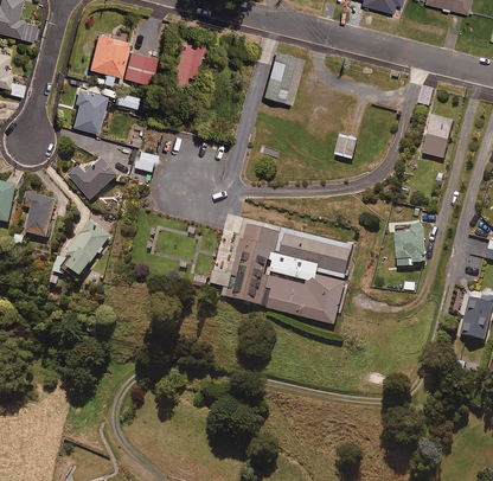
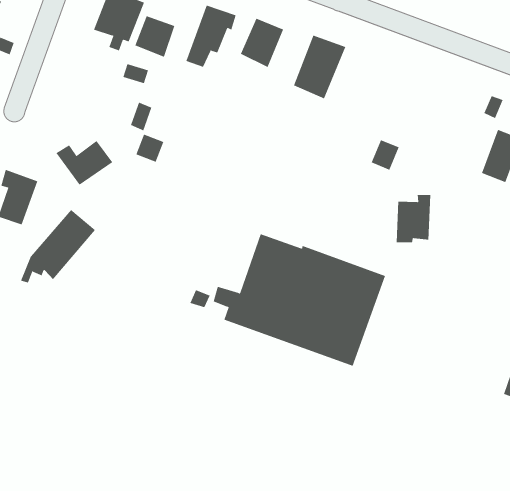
building: none -> [240,18,284,68]
building: [72,88,105,132] -> none
building: [396,223,425,265] -> [396,195,431,243]

